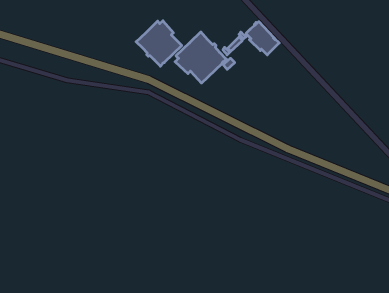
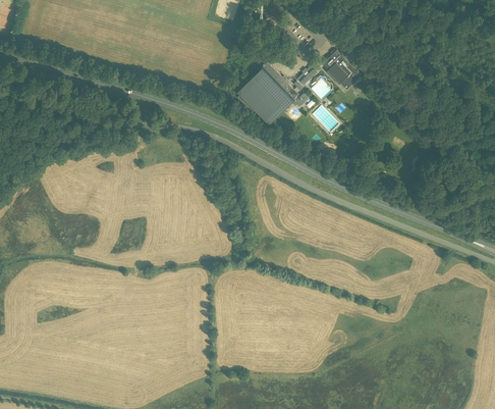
building: [136,21,182,66] -> none

